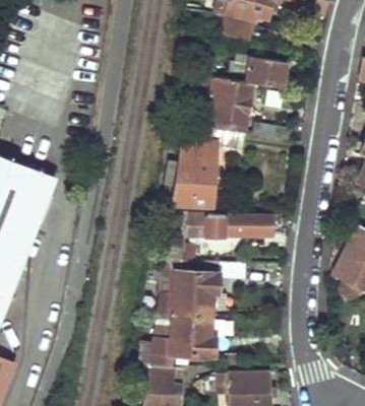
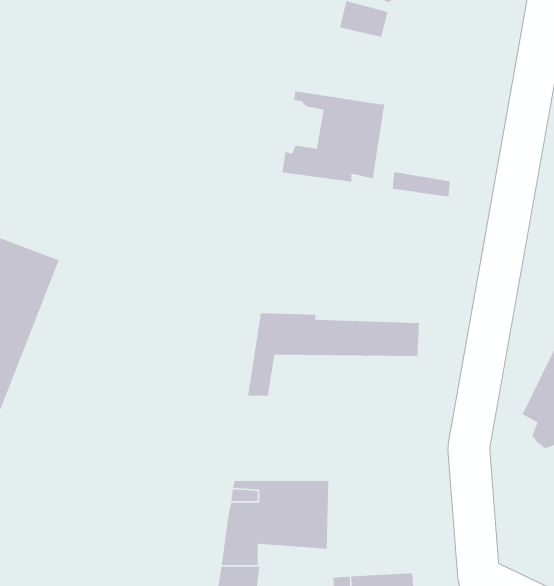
building: [248,56,290,88] -> none
building: [175,126,241,208] -> none
building: [159,264,219,316] -> none

